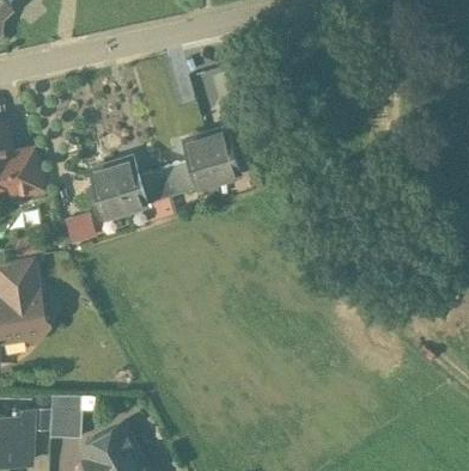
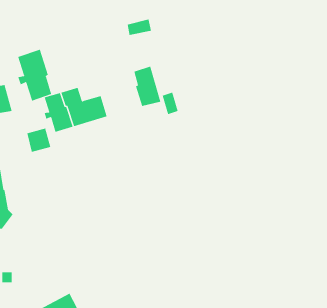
building: none -> [17,49,52,102]
building: [163,139,215,197] -> none
building: [49,411,81,440] -> none

